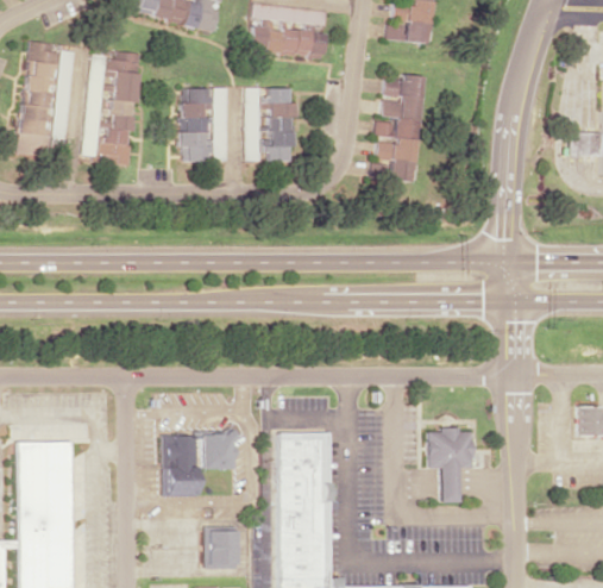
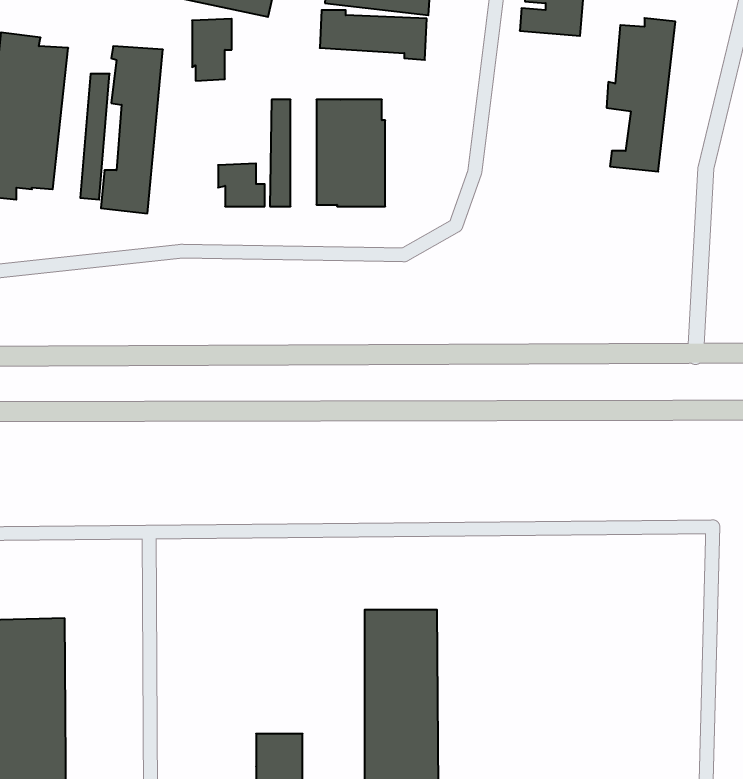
building: [376,73,423,179] -> [607,18,675,172]
building: [183,86,211,129] -> [192,19,232,81]
building: [428,425,472,500] -> none
building: [161,427,238,494] -> none

